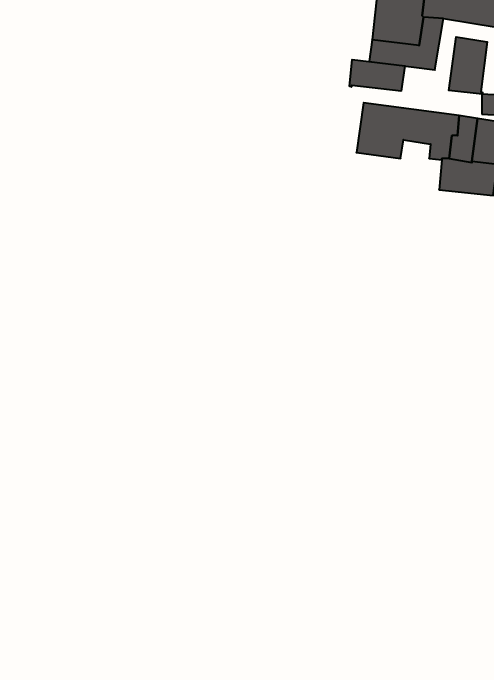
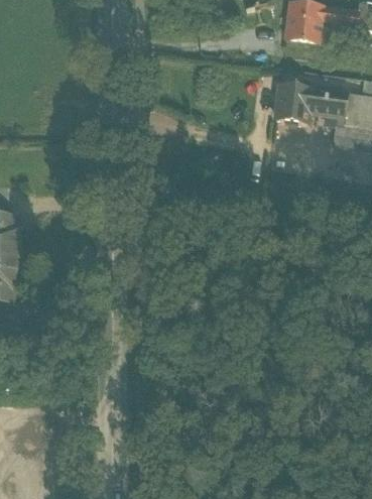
building: [449,37,487,94] -> none
building: [350,60,405,91] -> none

